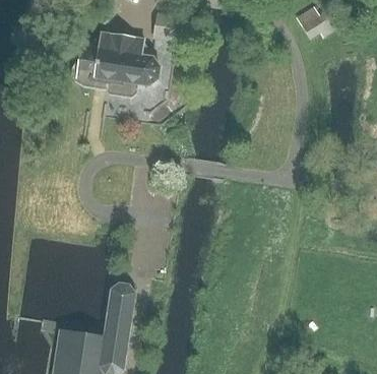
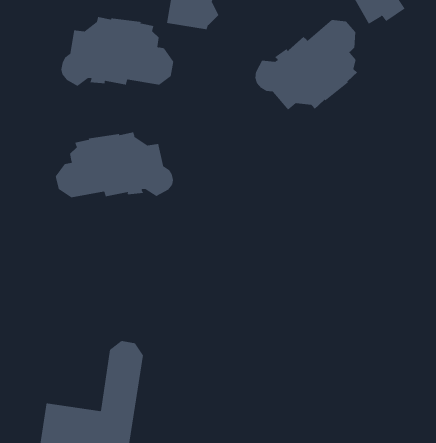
building: none -> [255,19,358,110]
building: none -> [55,132,174,198]

